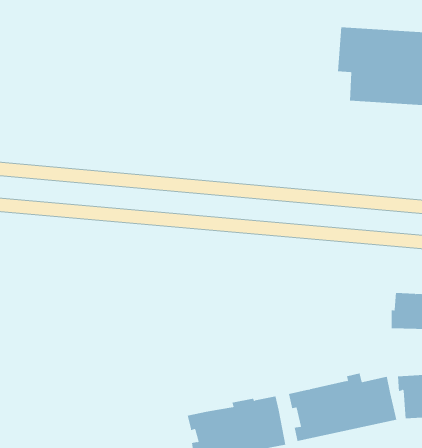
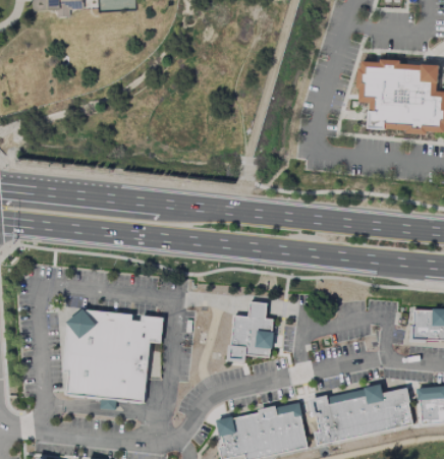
building: none -> [229,302,275,363]
building: none -> [65,309,166,410]

